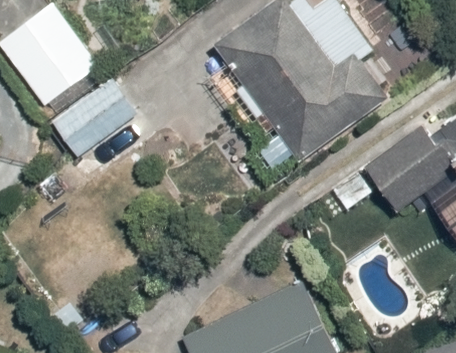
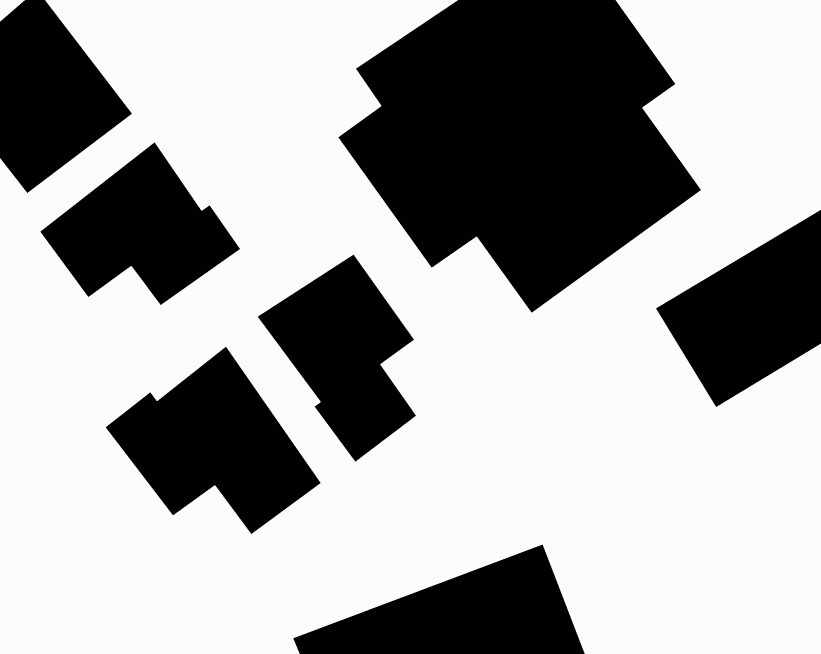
building: none -> [256,253,417,463]
building: none -> [105,346,322,535]

